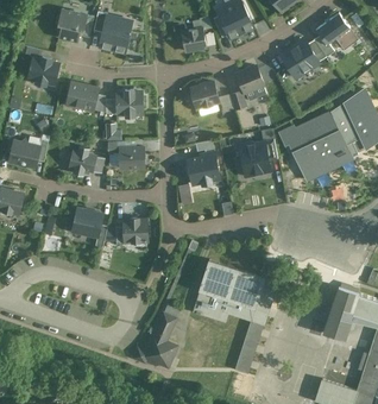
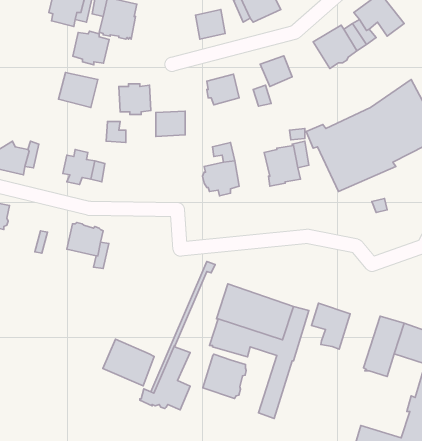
building: [27,57,58,86] -> [73,31,109,65]
building: [119,147,144,169] -> [156,111,185,136]
building: [122,219,147,242] -> none
building: none -> [312,303,350,349]
building: none -> [103,339,154,386]
building: none -> [203,354,246,398]

